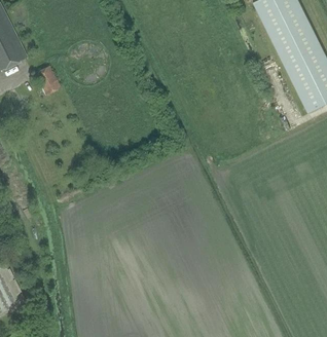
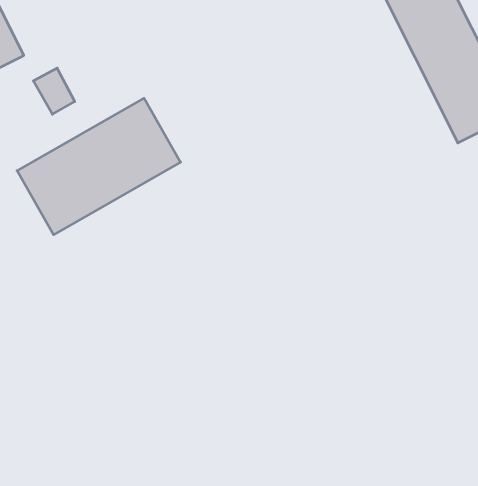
building: none -> [17,98,181,235]

